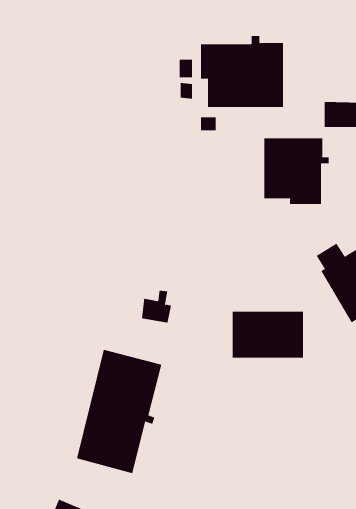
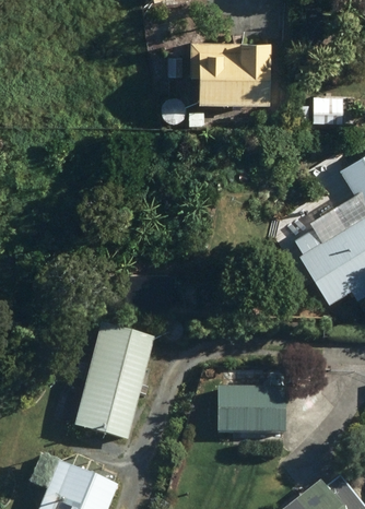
building: [264,138,329,205] -> none
building: [232,311,304,358] -> [216,389,283,433]

